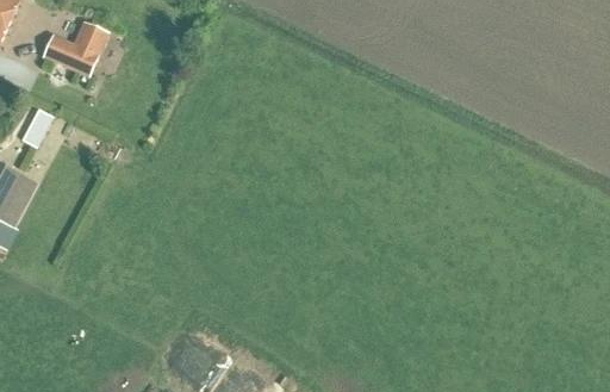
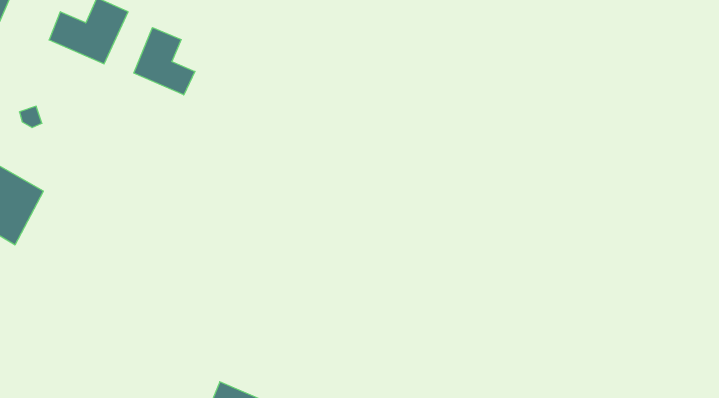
building: none -> [134,28,195,95]

